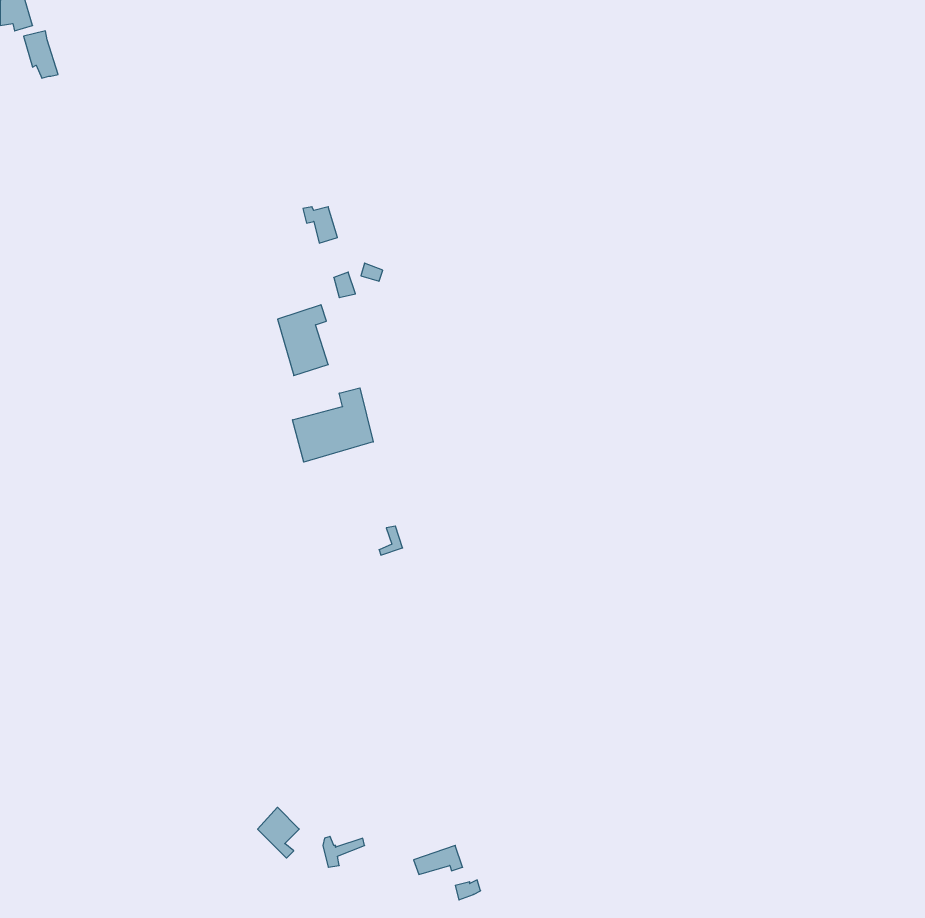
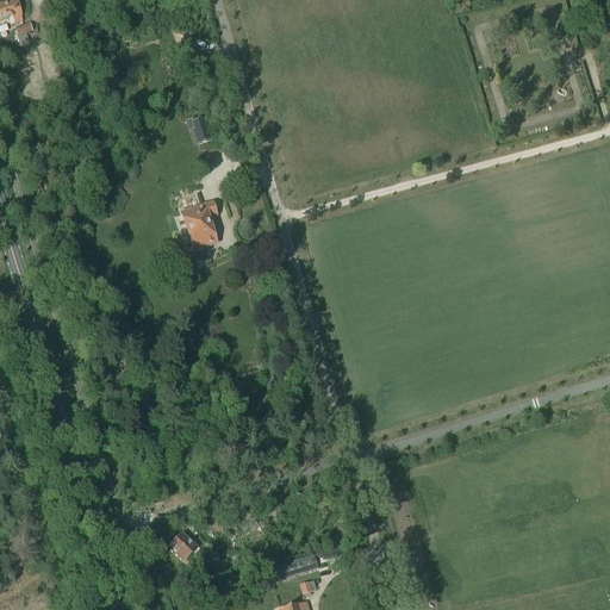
building: [293,388,373,462] -> none

